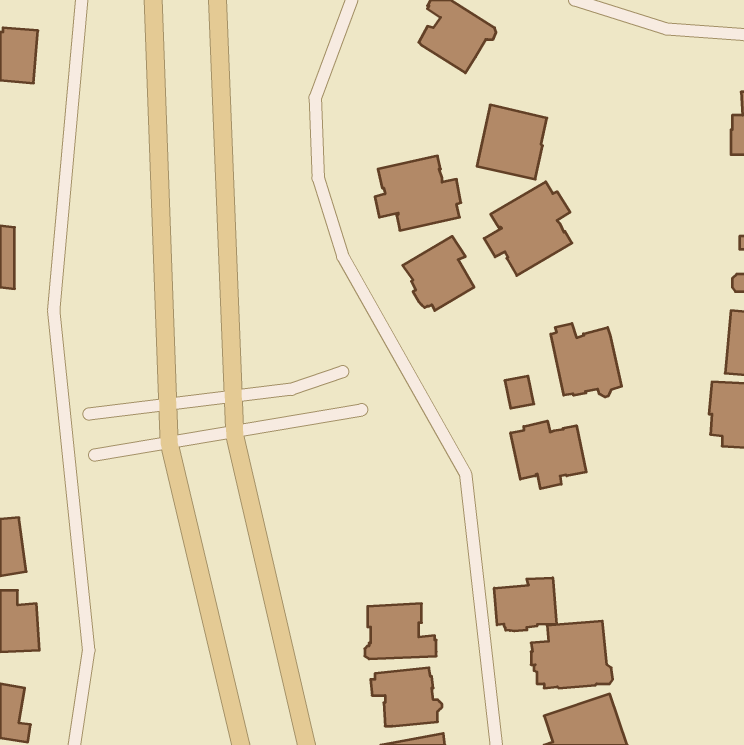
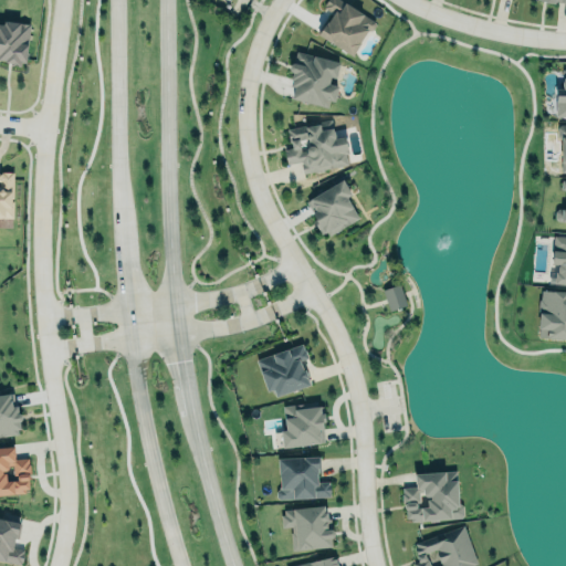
building: [477,105,547,179] -> [287,52,340,108]
building: [484,182,572,276] -> none
building: [551,323,622,397] -> none
building: [511,421,586,489] -> none
building: none -> [258,345,310,398]
building: none -> [282,401,327,449]
building: [494,578,556,631] -> none

